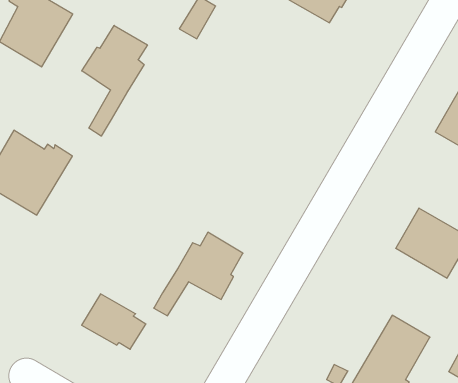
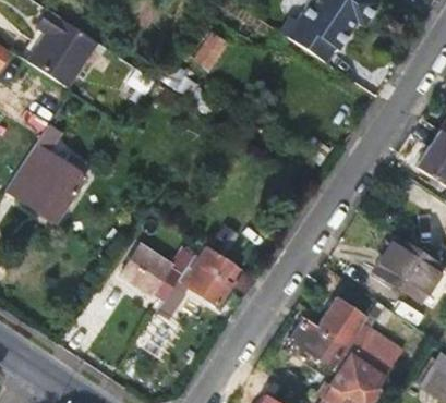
building: [82,25,147,136] -> none
building: none -> [291,297,367,366]
building: [82,294,146,349] -> [122,246,180,297]

